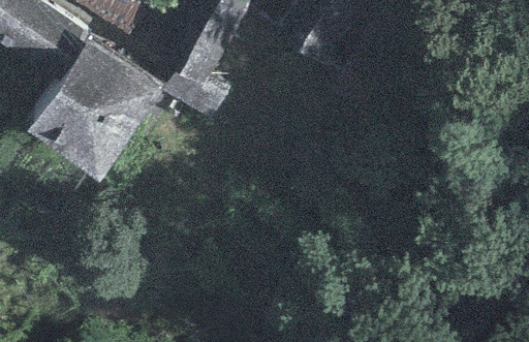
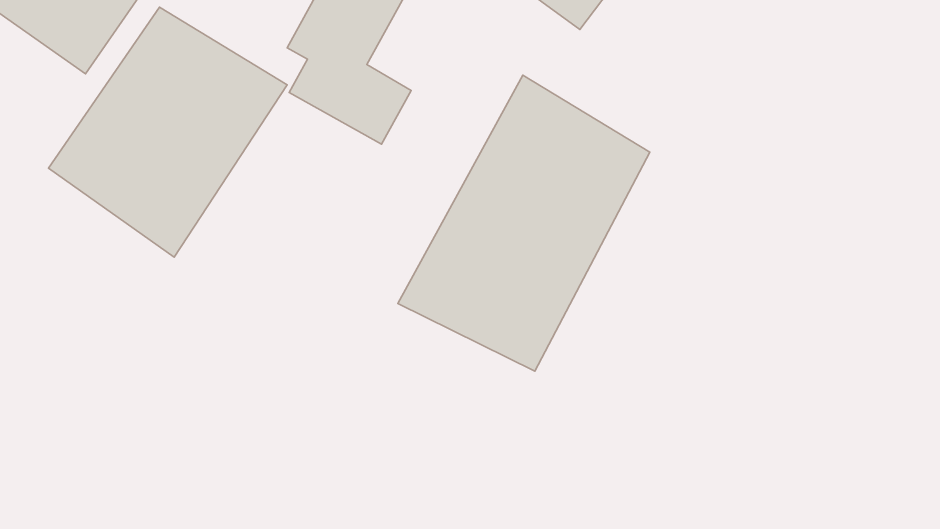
building: none -> [398,75,650,371]

